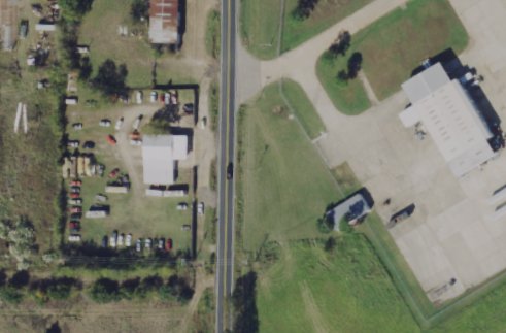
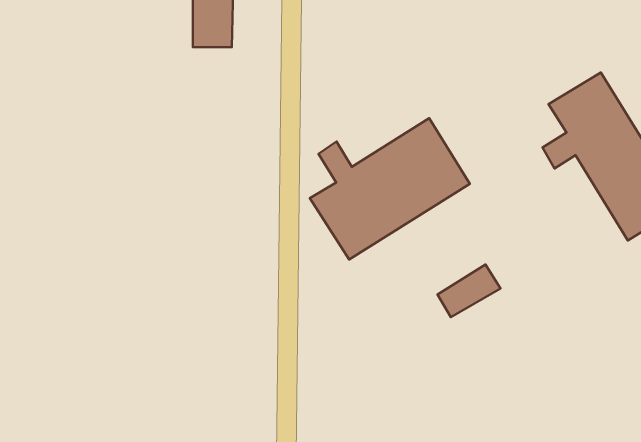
building: none -> [310,118,470,259]
building: [145,133,190,184] -> none

